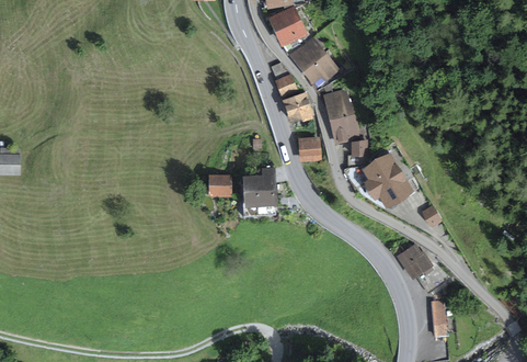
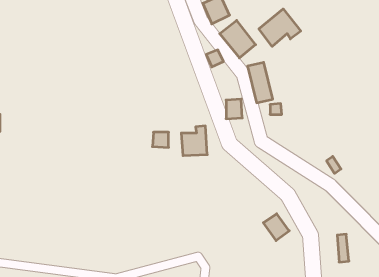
building: none -> [259,9,301,46]
building: [283,93,311,120] -> none
building: [365,154,413,208] -> none
building: [398,246,429,279] -> [263,214,289,241]

